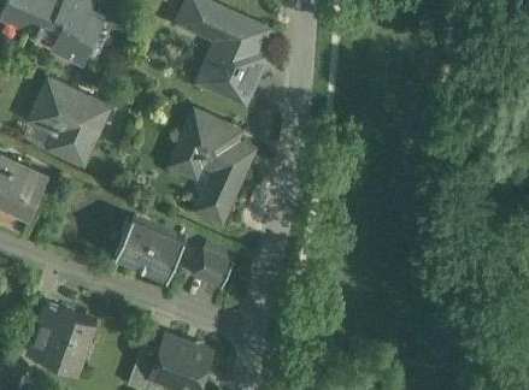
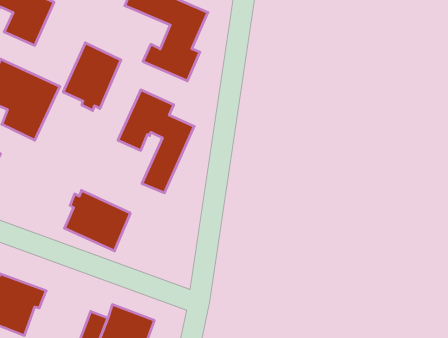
building: none -> [63,43,121,111]
building: [190,248,233,289] -> none

